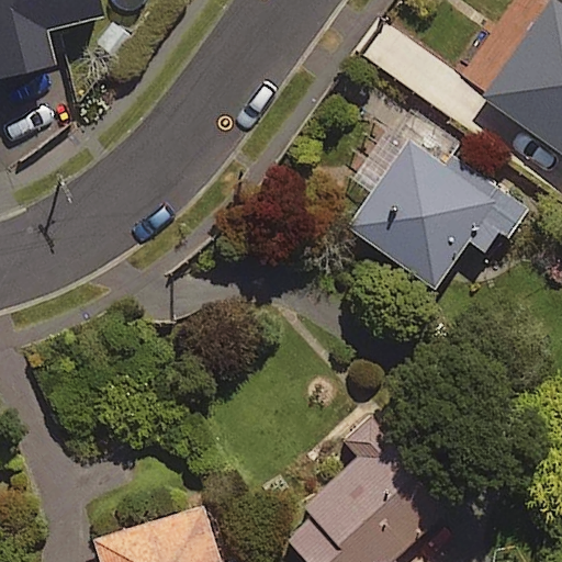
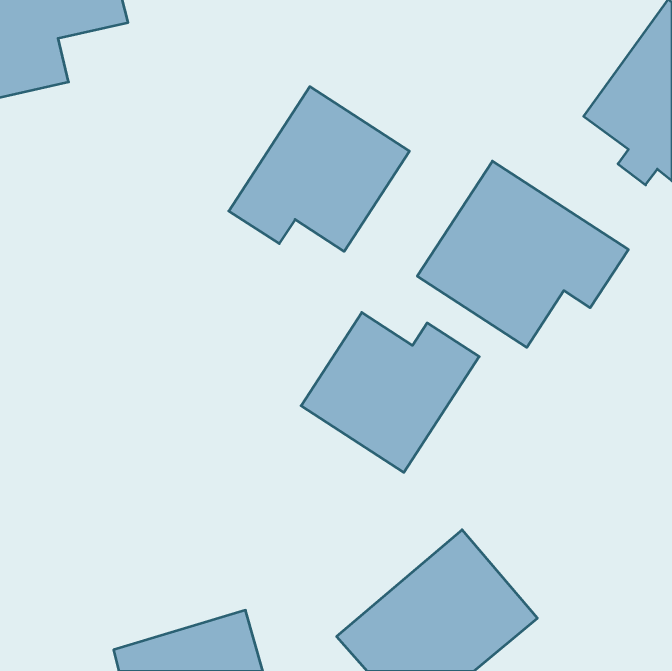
building: none -> [229,87,409,251]
building: none -> [301,312,479,472]

